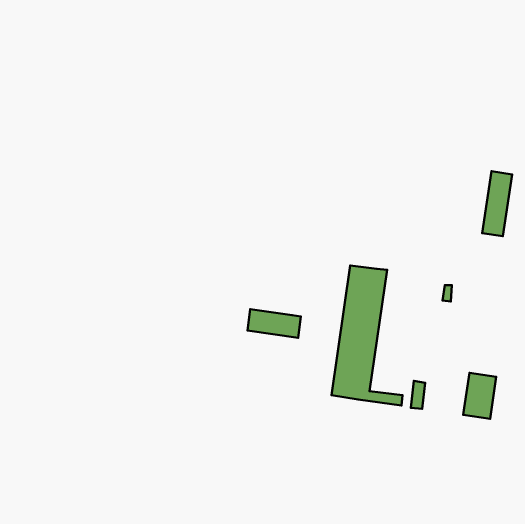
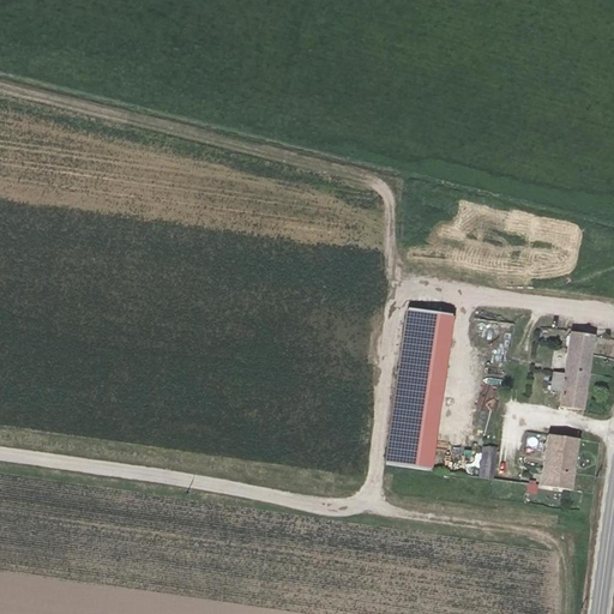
building: [482,171,512,236] -> [559,331,594,407]
building: [248,309,301,338] -> none

